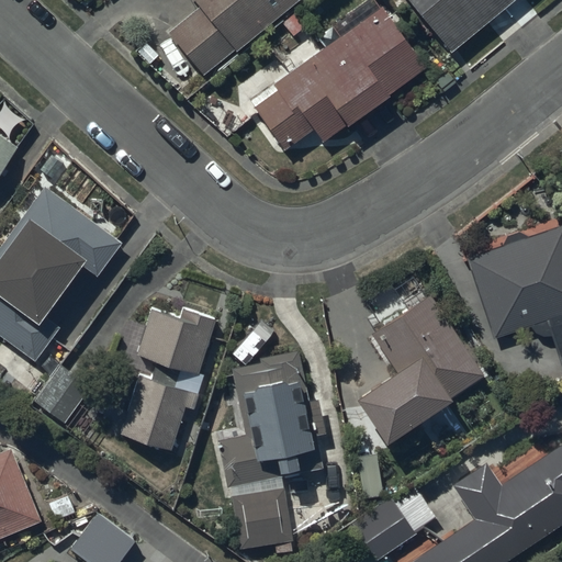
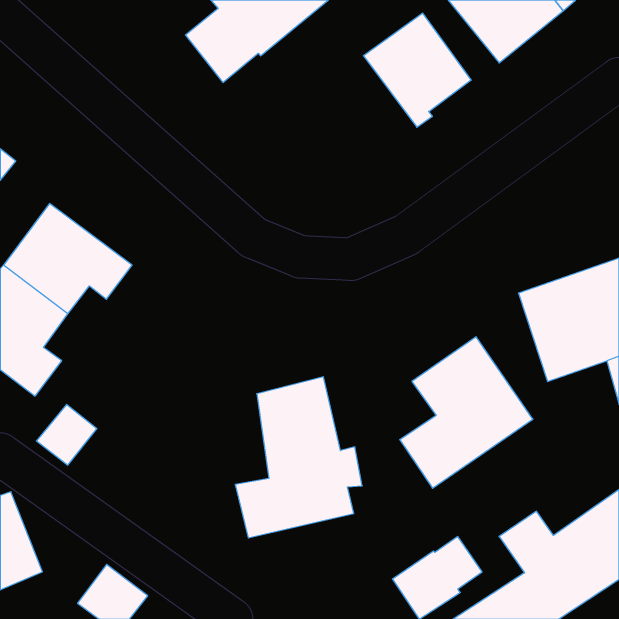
building: [257,50,378,155] -> none
building: [122,305,213,443] -> none
building: [229,486,290,547] -> none

